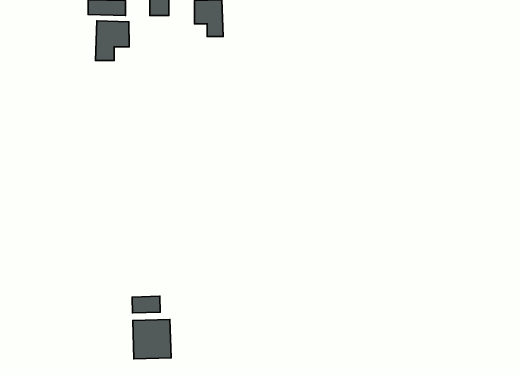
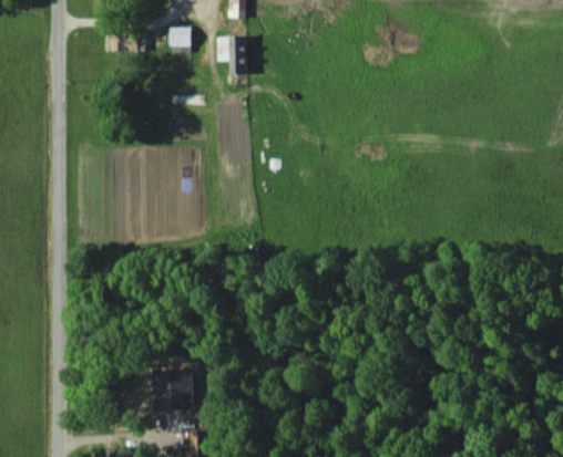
building: [96,21,129,60] -> none
building: [132,296,160,313] -> none

